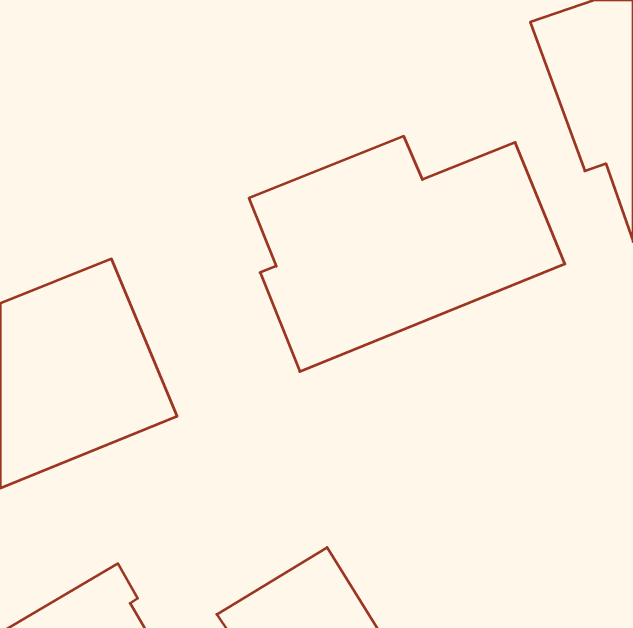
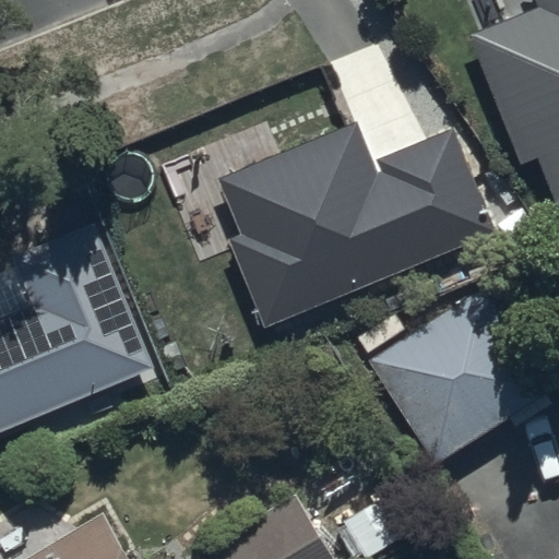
building: none -> [361,277,545,457]

